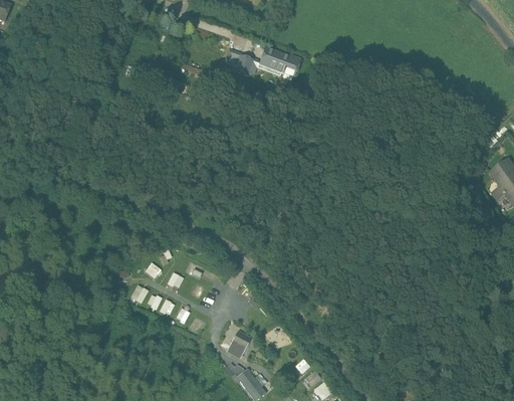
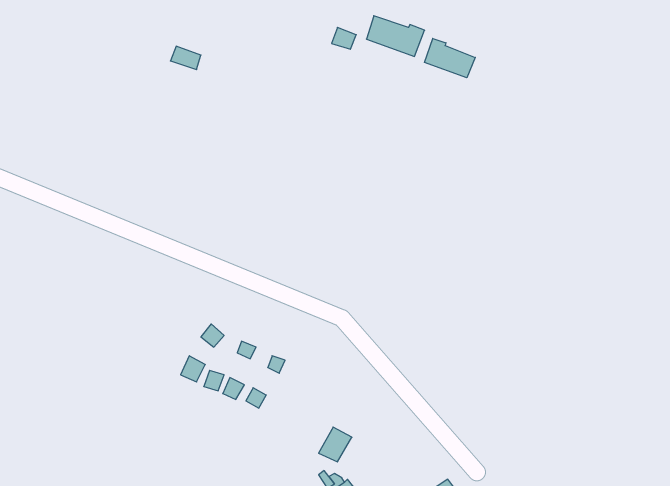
building: none -> [425,38,475,78]

